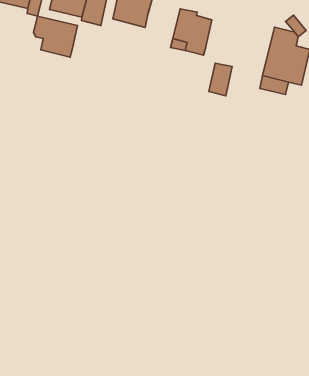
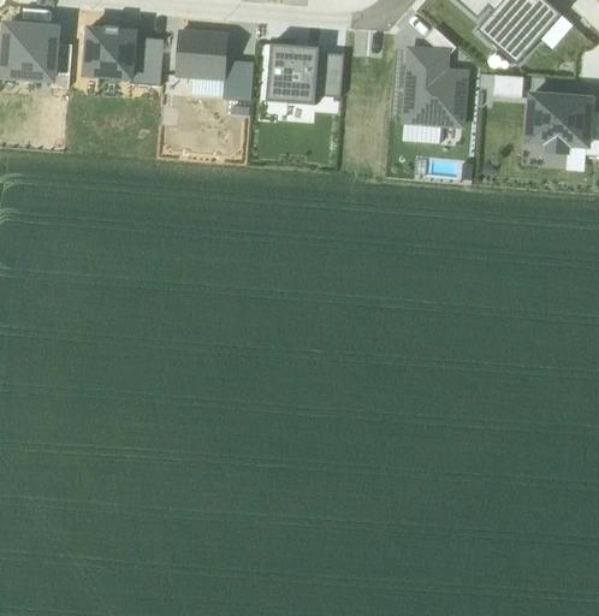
building: none -> [223,58,253,97]
building: [34,16,78,57] -> none
building: [209,63,232,96] -> [315,51,343,95]

